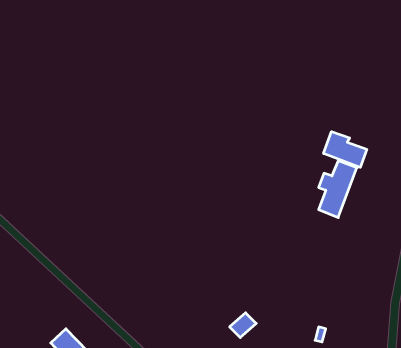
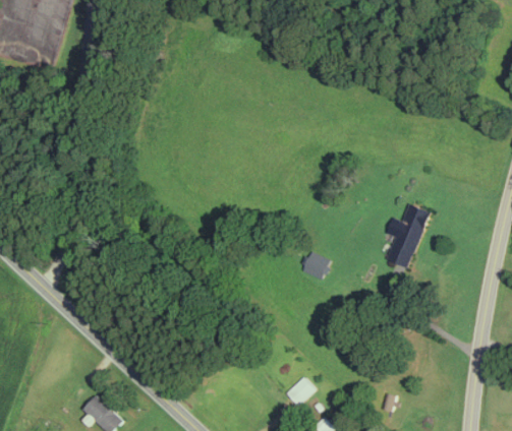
building: [324,132,367,167] -> none
building: none -> [302,253,329,279]

